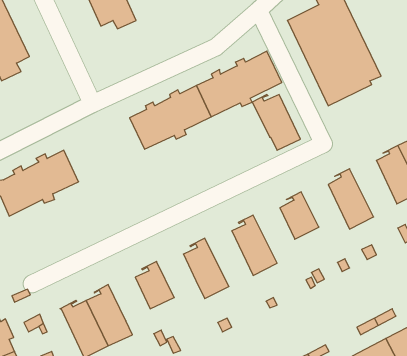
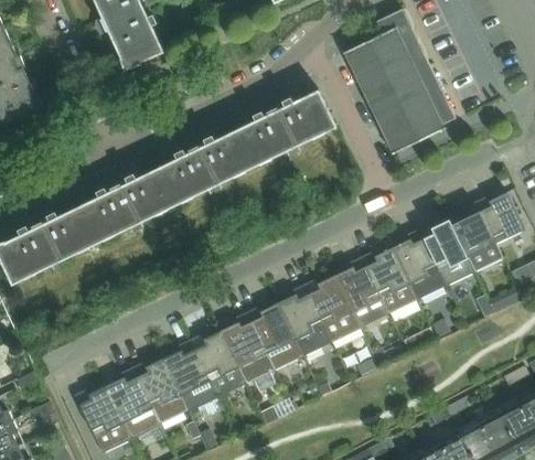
building: [252,95,300,150] -> [360,248,417,314]
building: none -> [77,169,173,245]
building: none -> [417,220,474,287]
building: none -> [302,276,360,342]
building: none -> [245,303,302,370]
building: none -> [188,331,245,399]
building: none -> [130,359,188,424]

